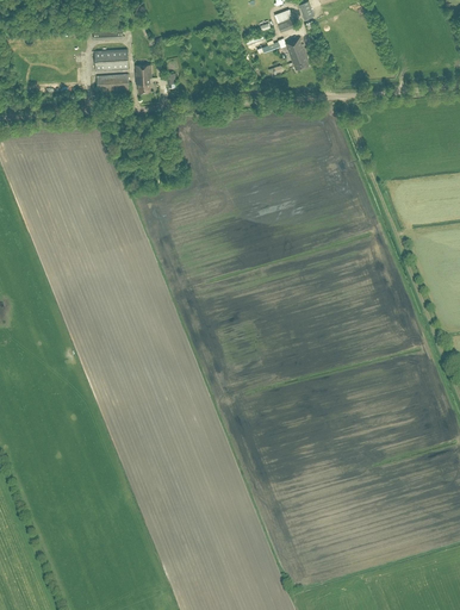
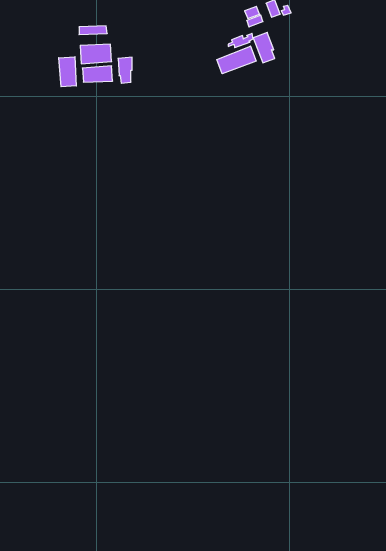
building: none -> [217,46,256,74]
building: none -> [59,57,76,87]

